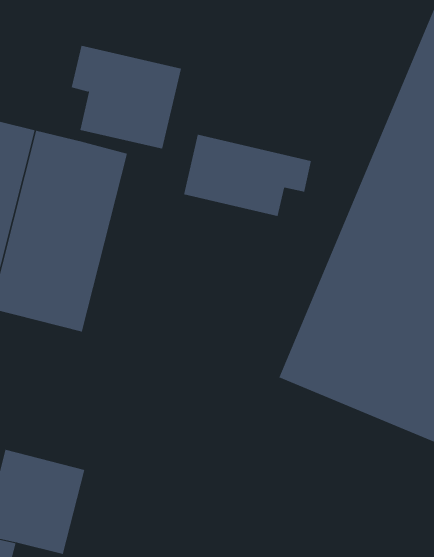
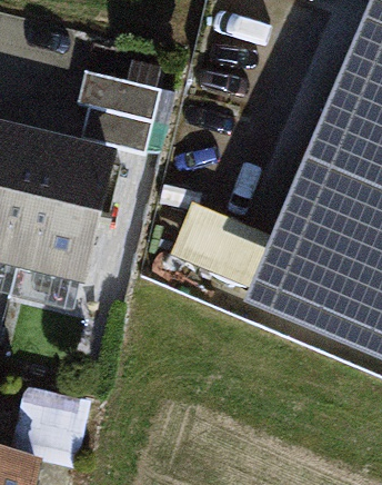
building: [184,134,312,217] -> none

